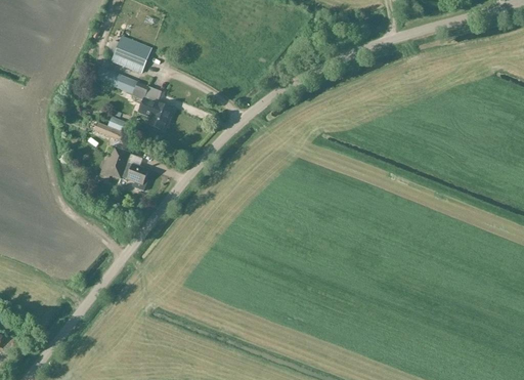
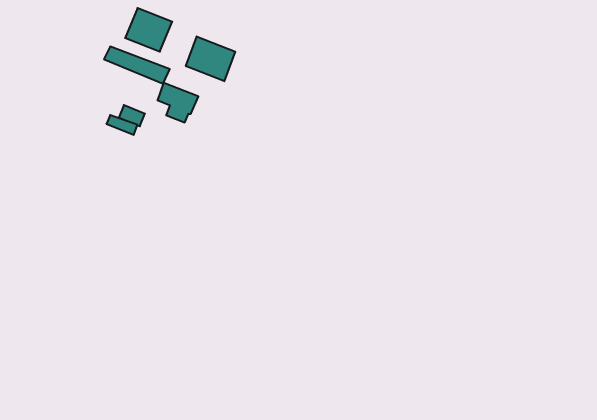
building: none -> [186,36,235,81]
building: [100,146,149,193] -> none

